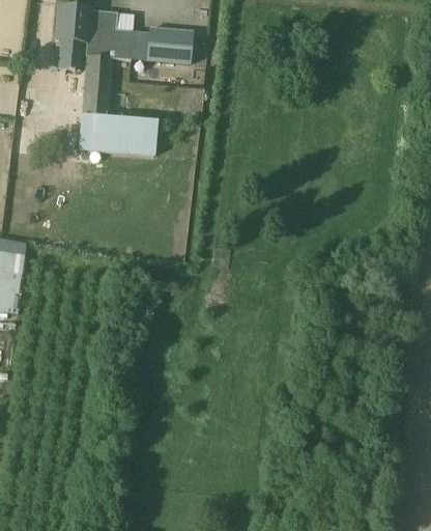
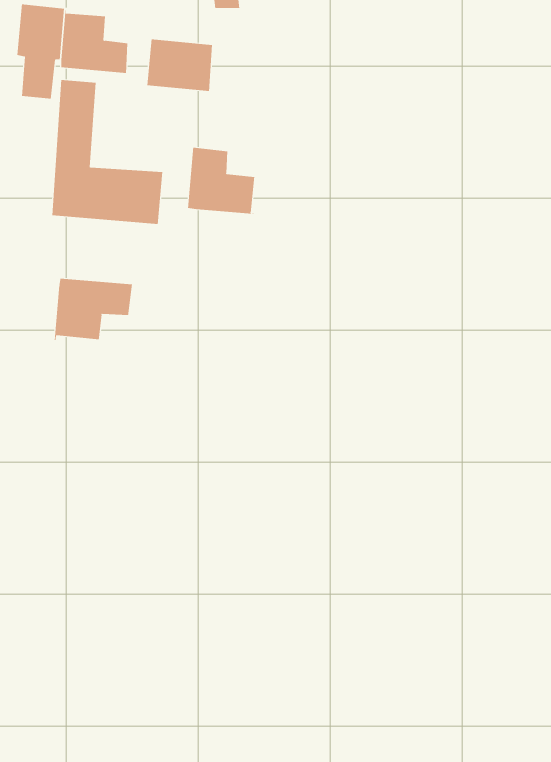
building: none -> [188,147,256,215]
building: none -> [54,278,132,341]

